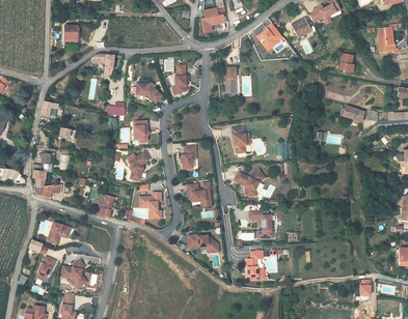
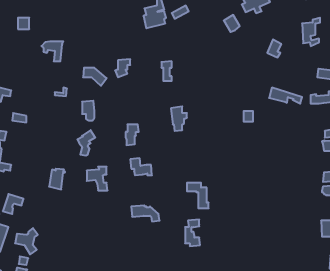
building: [254,22,283,50] -> none
building: [235,168,265,195] -> none

